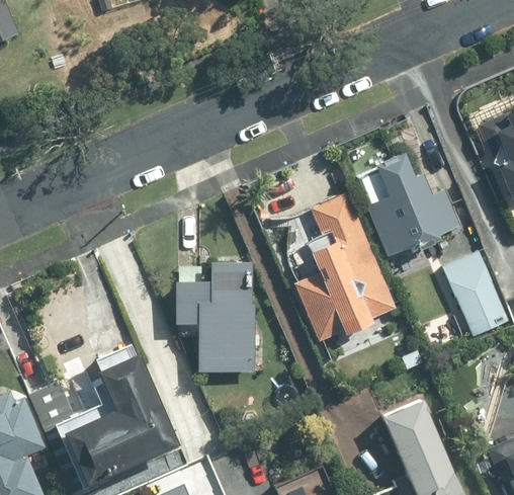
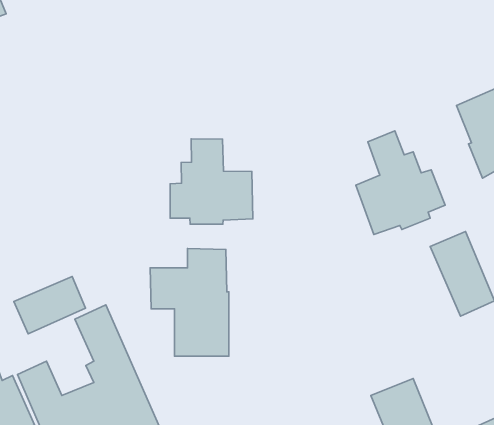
building: none -> [170,139,253,224]
building: [297,192,394,340] -> none
building: none -> [14,277,86,334]

